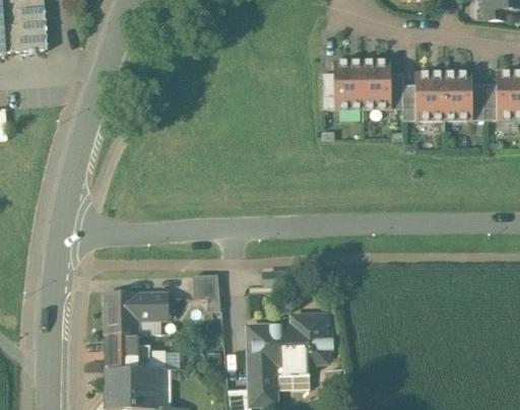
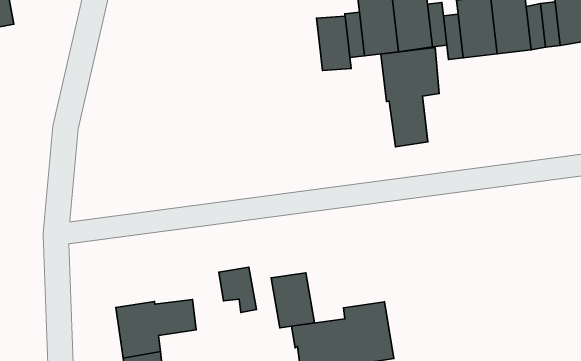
building: none -> [316,16,351,71]
building: none -> [381,47,439,147]
building: none -> [271,273,315,328]

